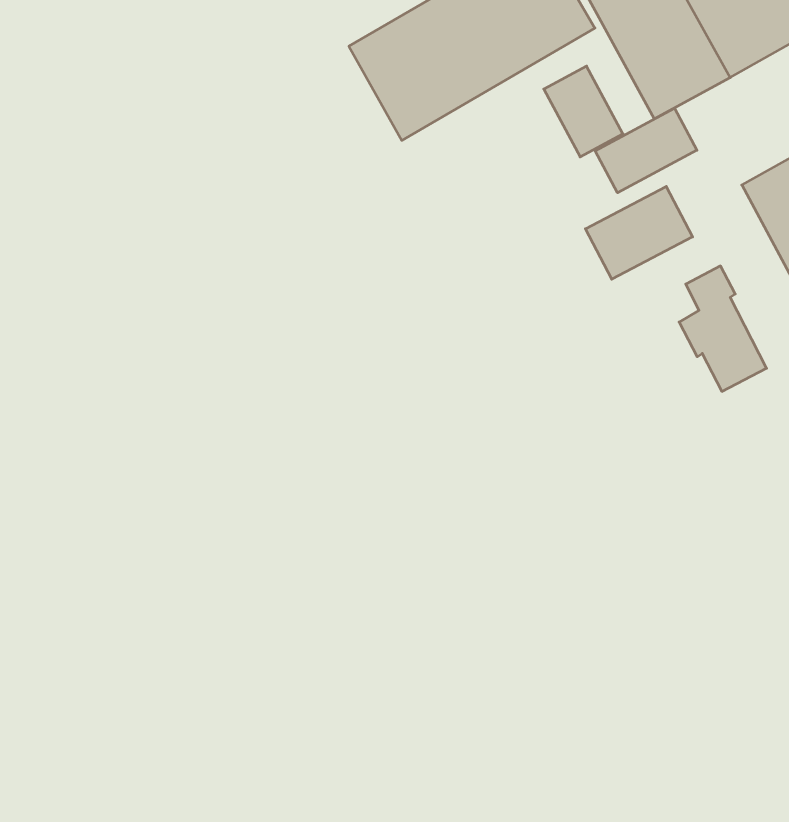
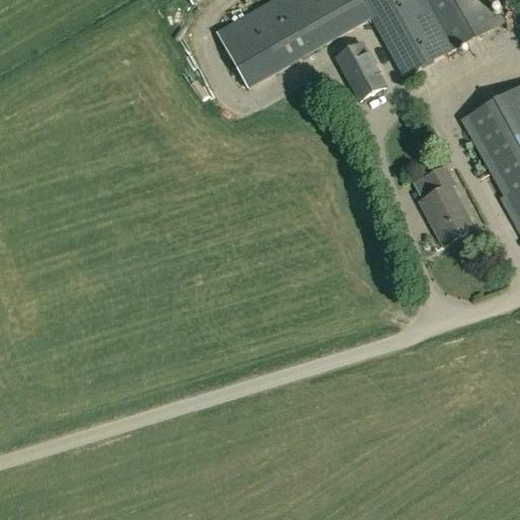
building: [595,108,697,193] -> none
building: [585,186,693,279] -> none

